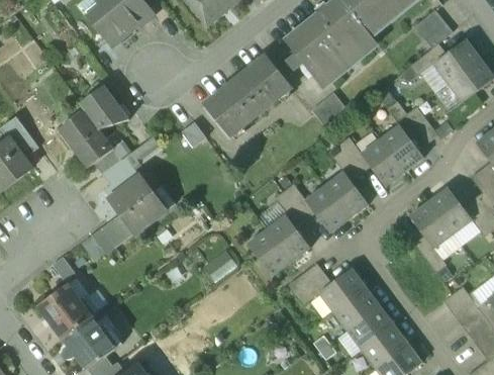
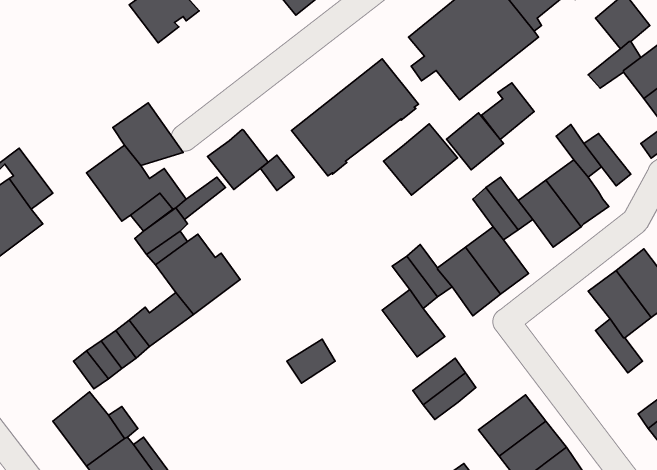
building: none -> [481,83,534,139]
building: none -> [383,124,457,195]
building: none -> [208,129,268,189]
building: [246,228,290,276] -> none
building: [318,267,365,311] -> none

